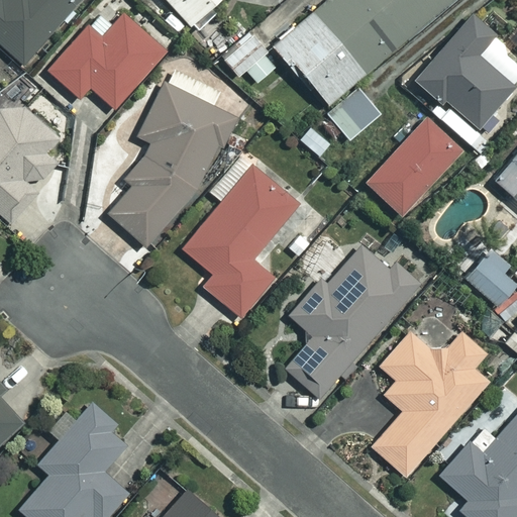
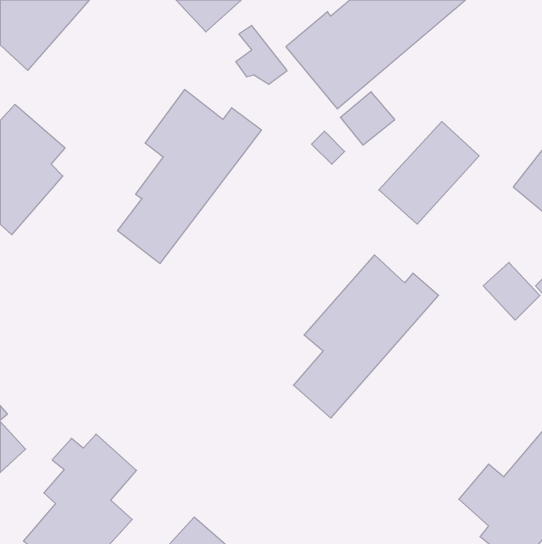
building: [409,11,512,149] -> none
building: [54,16,173,111] -> none
building: [188,159,302,318] -> none
building: [370,315,486,475] -> none

